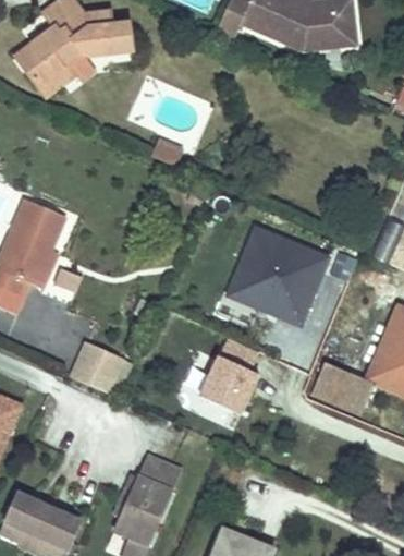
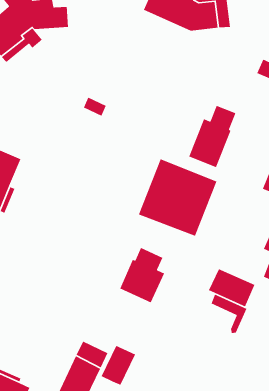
building: none -> [188,105,236,168]
building: [70,341,120,391] -> none
building: none -> [211,293,248,334]
building: none -> [100,345,136,386]

